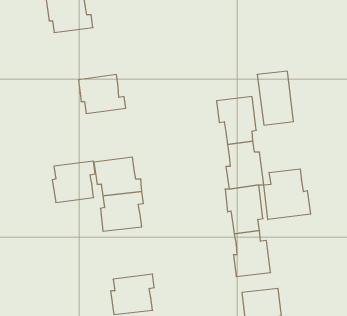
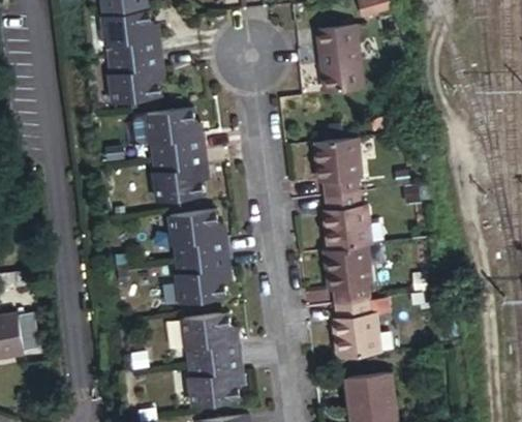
building: none -> [113,51,164,101]
building: [257,71,293,125] -> [316,25,361,91]
building: [52,161,95,202] -> [152,150,205,201]
building: [264,169,310,220] -> none
building: none -> [177,311,236,360]

